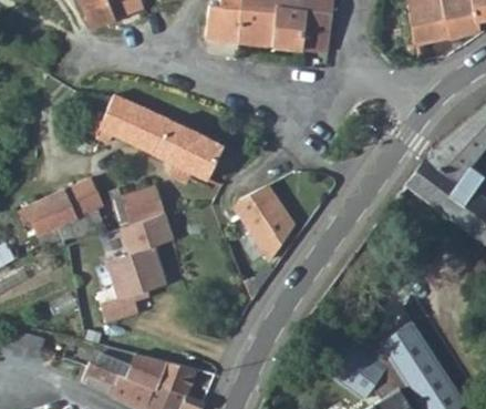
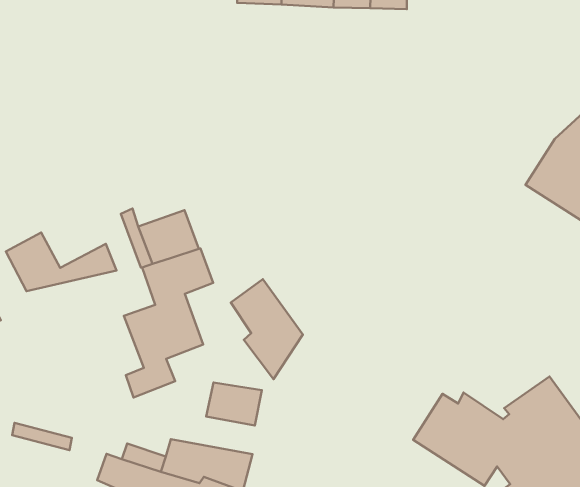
building: [85,94,221,178] -> none
building: [51,180,103,224] -> none
building: [240,184,291,257] -> [231,279,303,379]
building: none -> [206,383,262,425]

